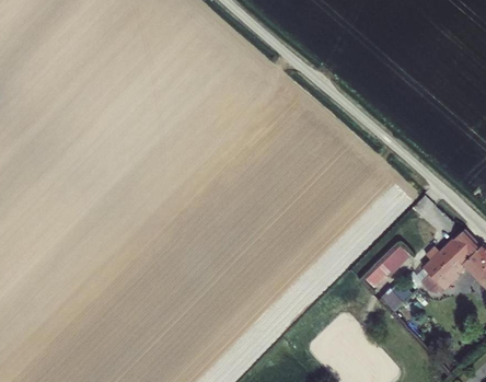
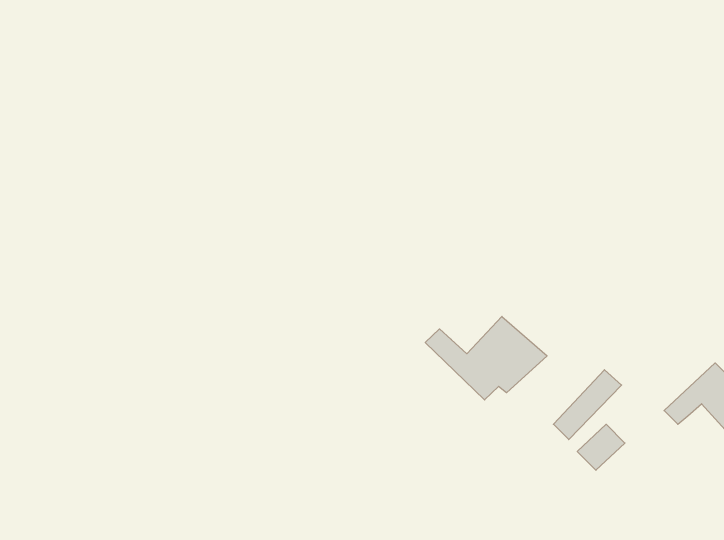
building: none -> [425,316,547,400]
building: [419,233,471,293] -> none

